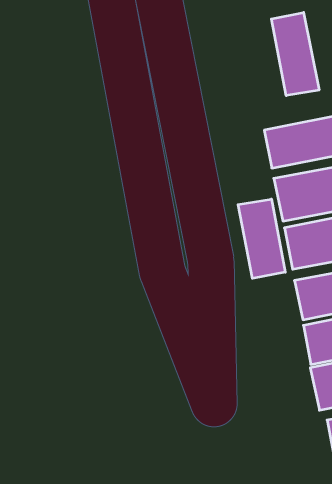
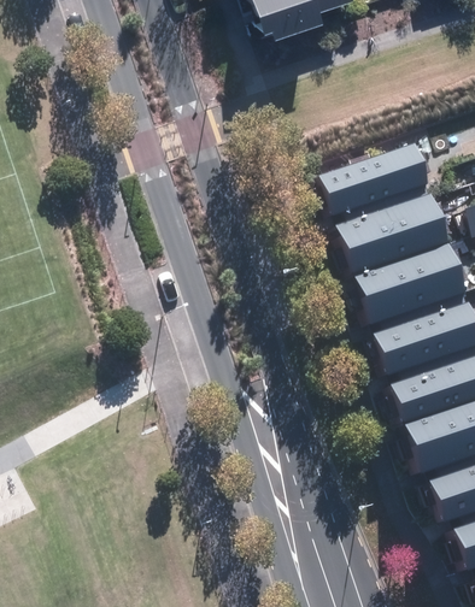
building: [271,12,319,96] -> none
building: [238,199,285,278] -> none

